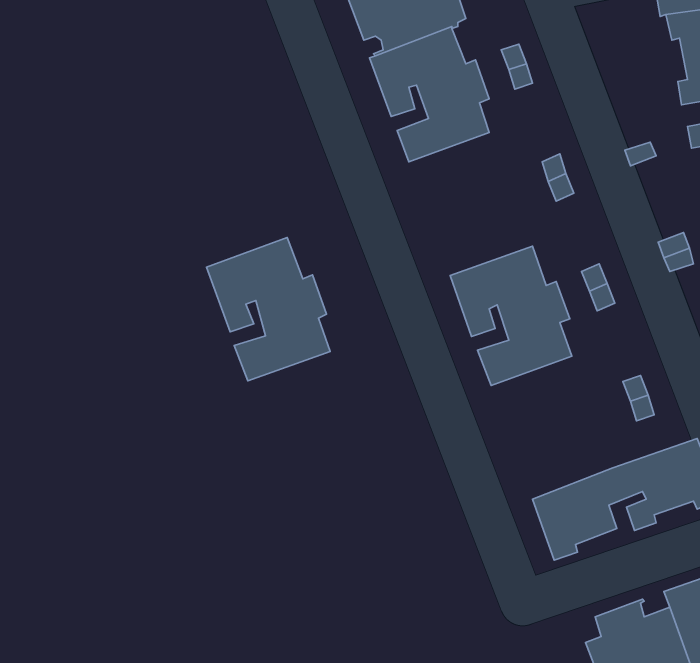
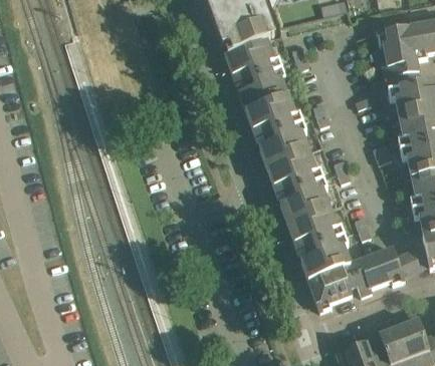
building: [207,238,330,381] -> [245,92,308,165]
building: none -> [287,207,350,280]

